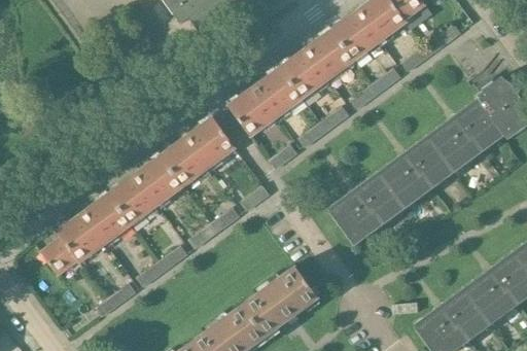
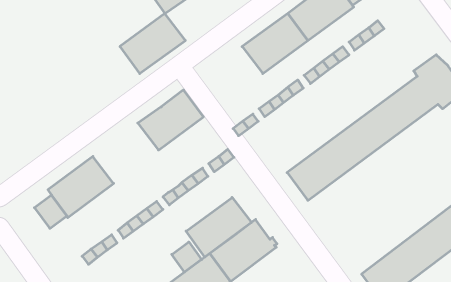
building: [227,68,303,137] -> [120,13,185,74]
building: [108,155,183,224] -> none
building: none -> [186,197,251,257]
building: none -> [172,242,202,272]

